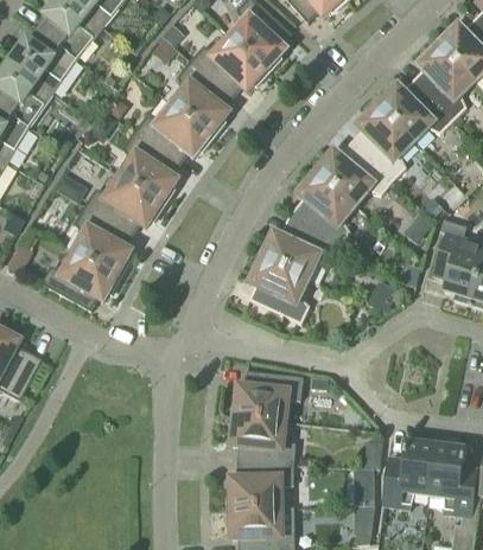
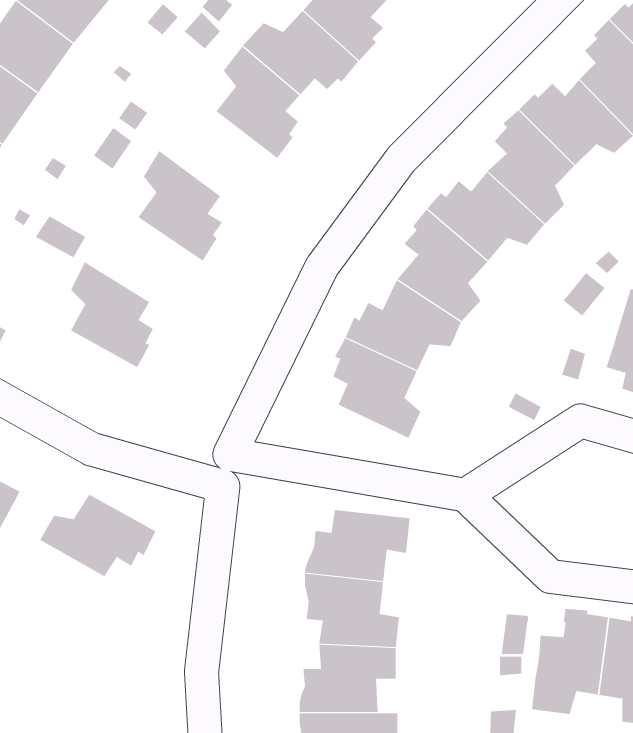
building: [134,103,214,160] -> none
building: [84,174,164,231] -> none
building: [42,250,120,306] -> [39,494,156,577]

